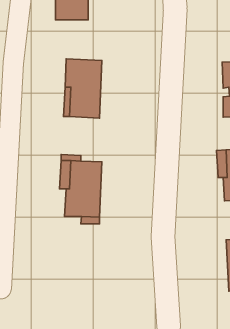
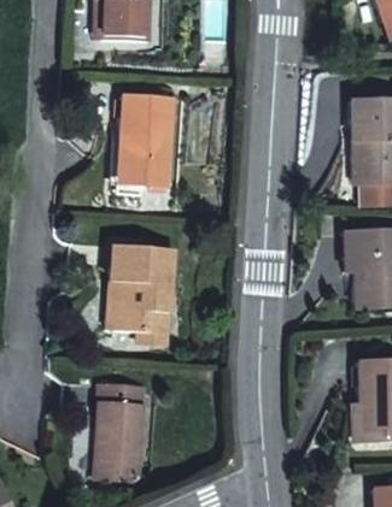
building: none -> [96,385,144,479]

